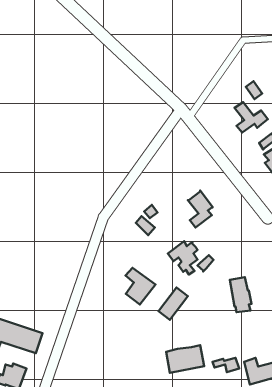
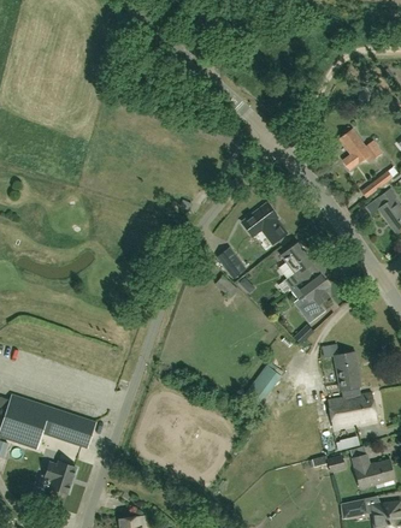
building: none -> [243,203,285,241]
building: [168,241,197,275] -> [290,273,328,315]
building: [126,268,155,305] -> none
building: [166,345,204,373] -> [328,391,376,426]

